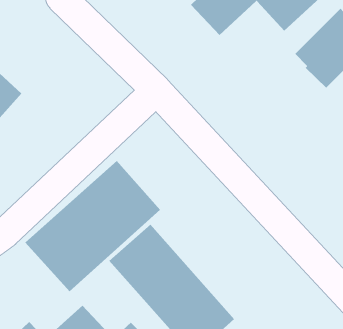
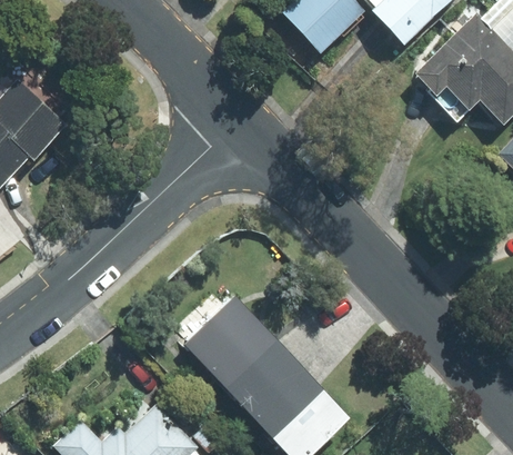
building: [25,160,161,292] -> none

